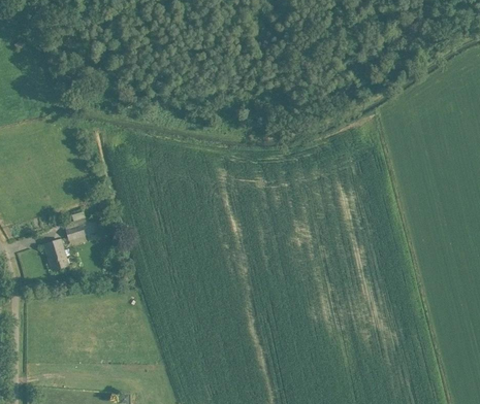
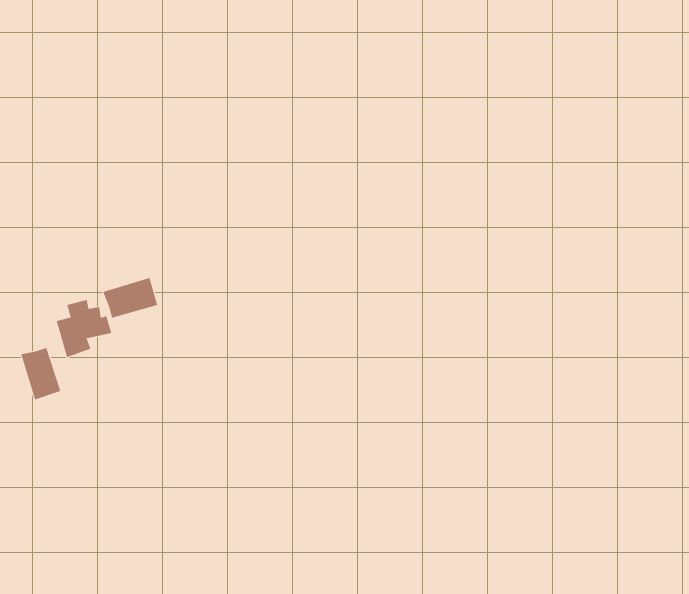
building: none -> [103,277,158,319]

